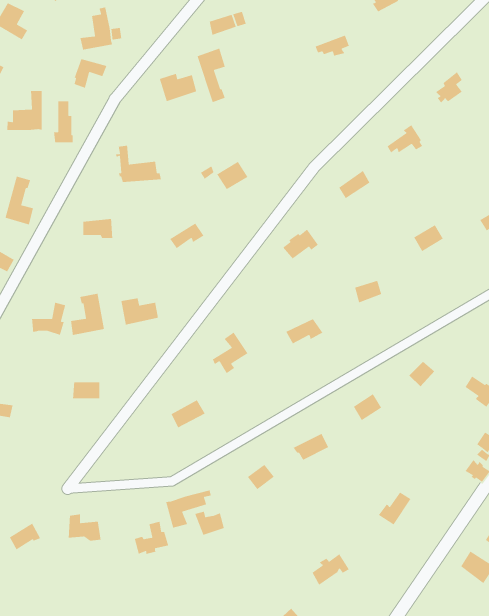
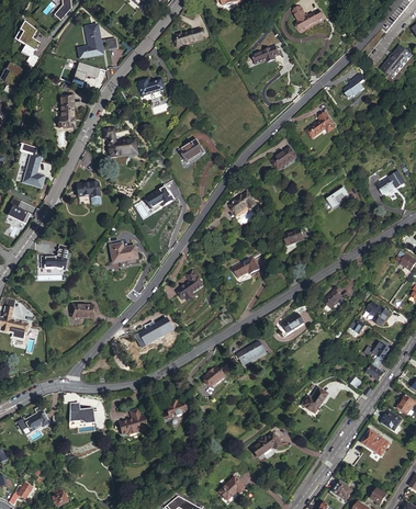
building: [196,48,226,103] -> none
building: [7,90,43,131] -> none
building: [70,293,105,336] -> none
building: [165,489,212,528] -> none

